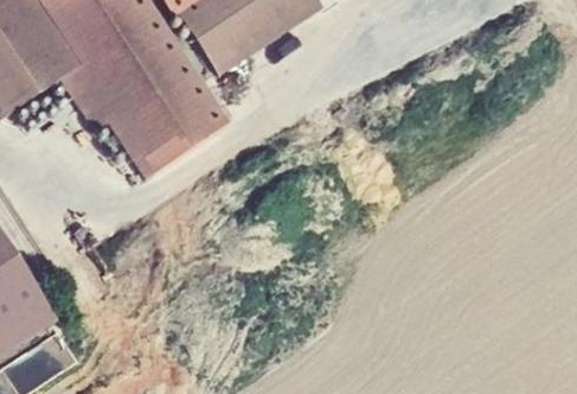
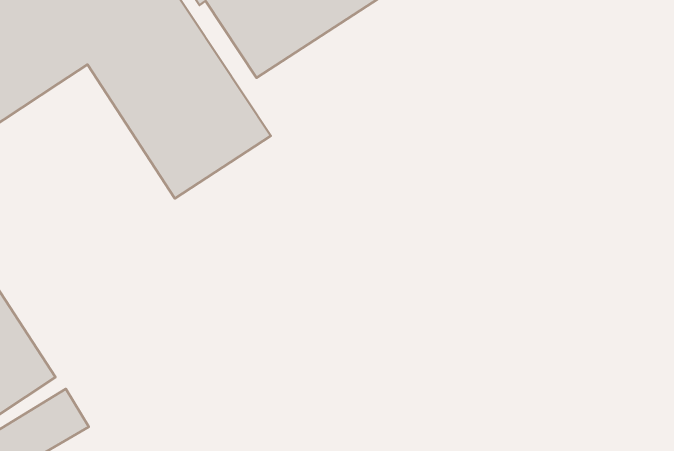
building: [56,63,150,177] -> none

